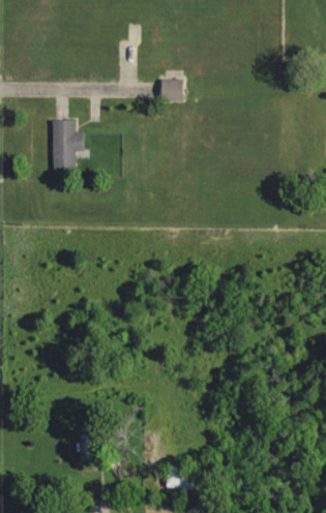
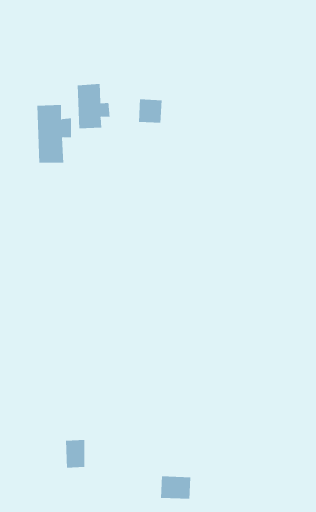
building: [160,79,183,101] -> [138,99,162,123]
building: none -> [77,83,110,129]

